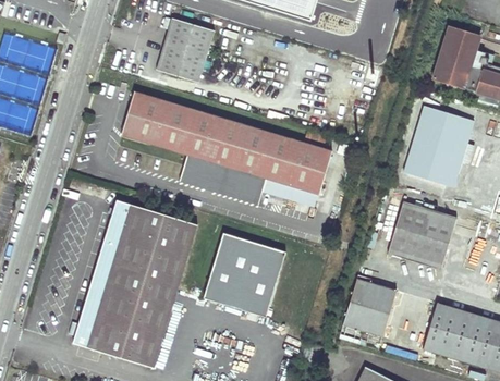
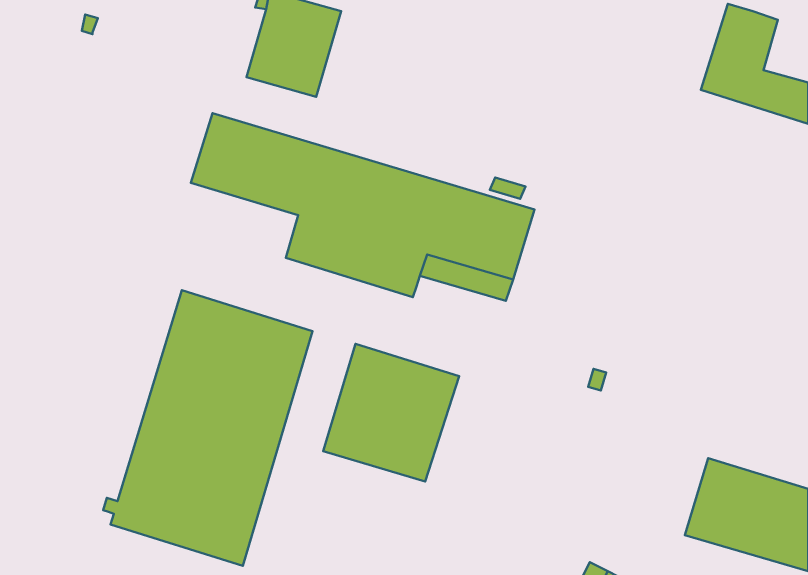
building: [404,106,475,186] -> none
building: [387,201,455,269] -> none
building: [342,279,395,336] -> none

